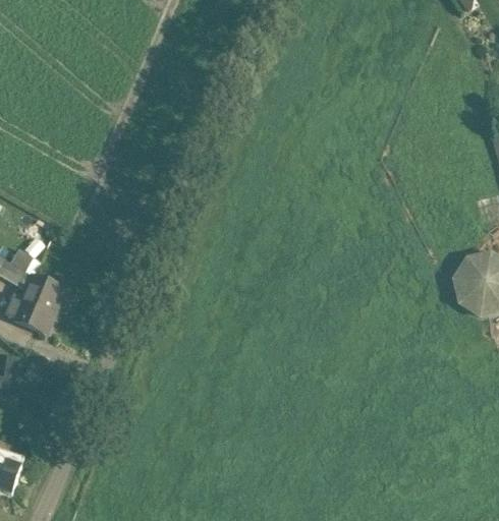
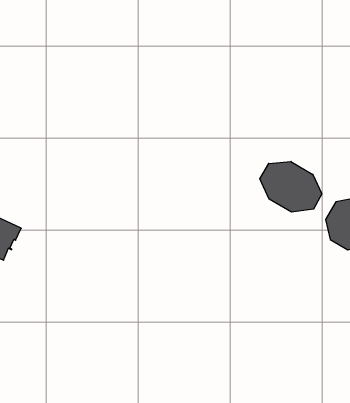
building: none -> [260,161,322,212]

